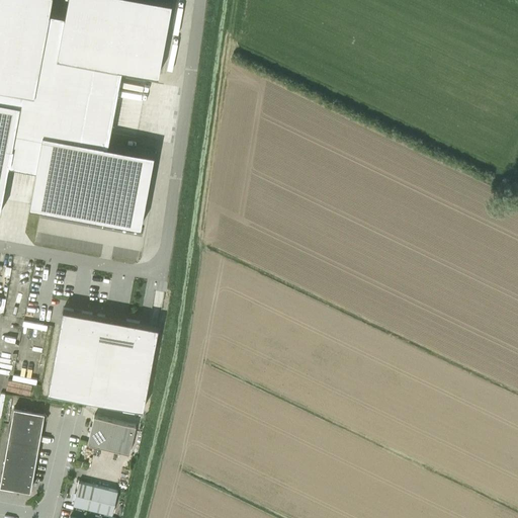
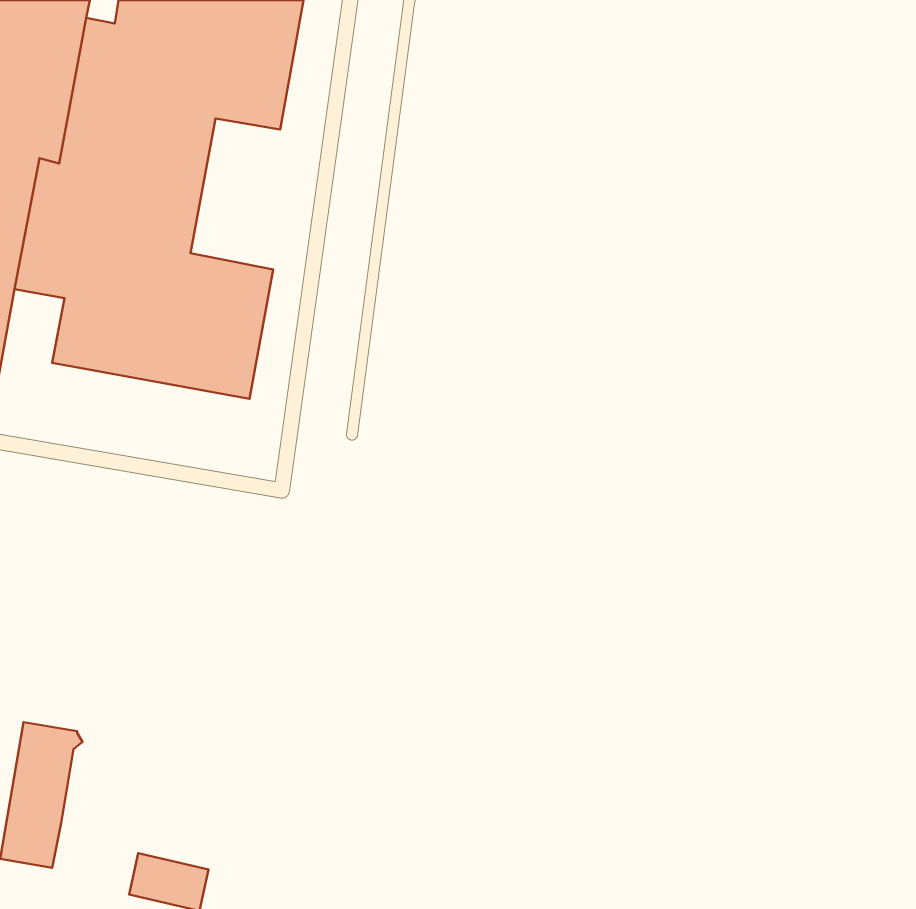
building: [48,313,156,413] -> none
building: [87,419,136,457] -> none

